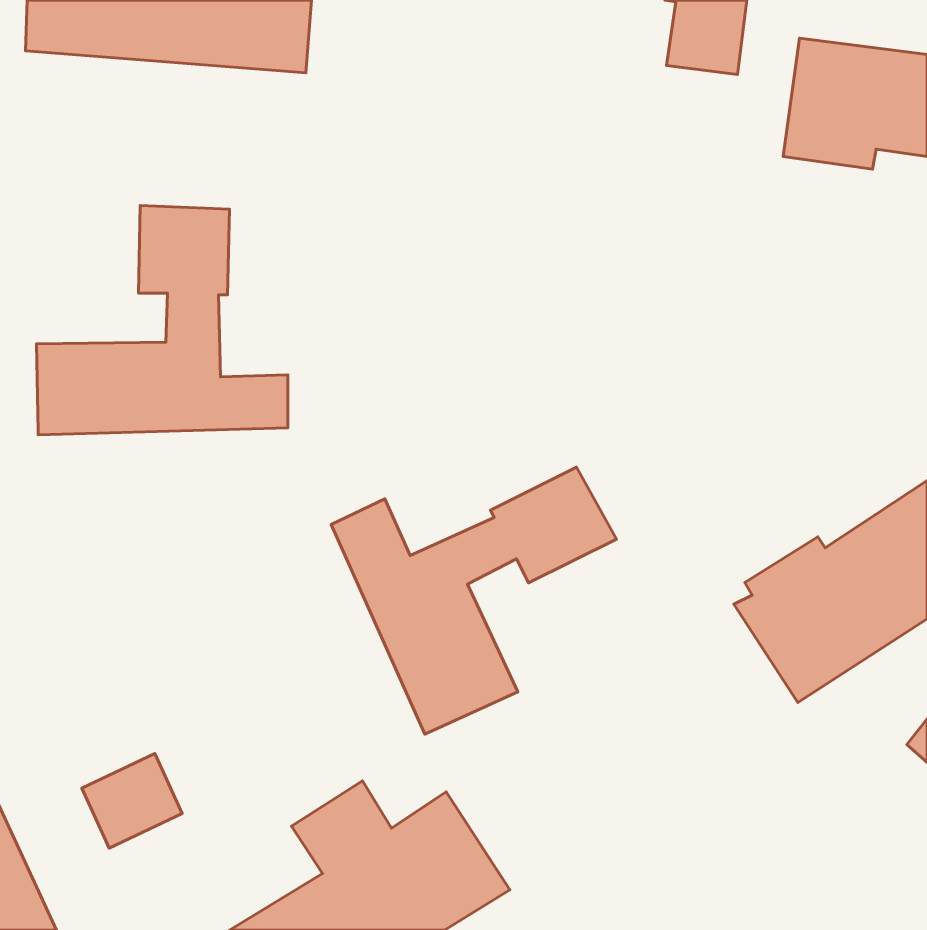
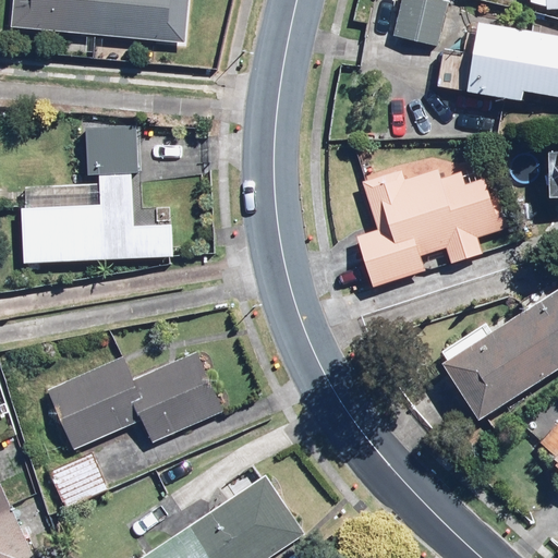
building: none -> [356,168,502,287]
building: [331,467,617,734] -> none
building: none -> [52,347,225,449]

